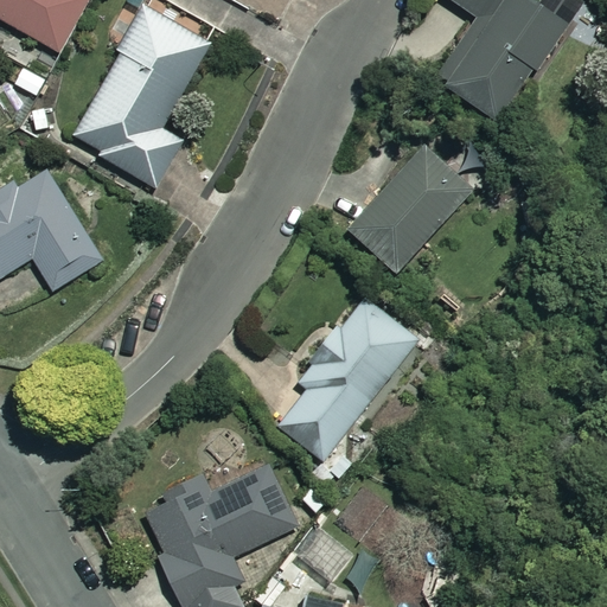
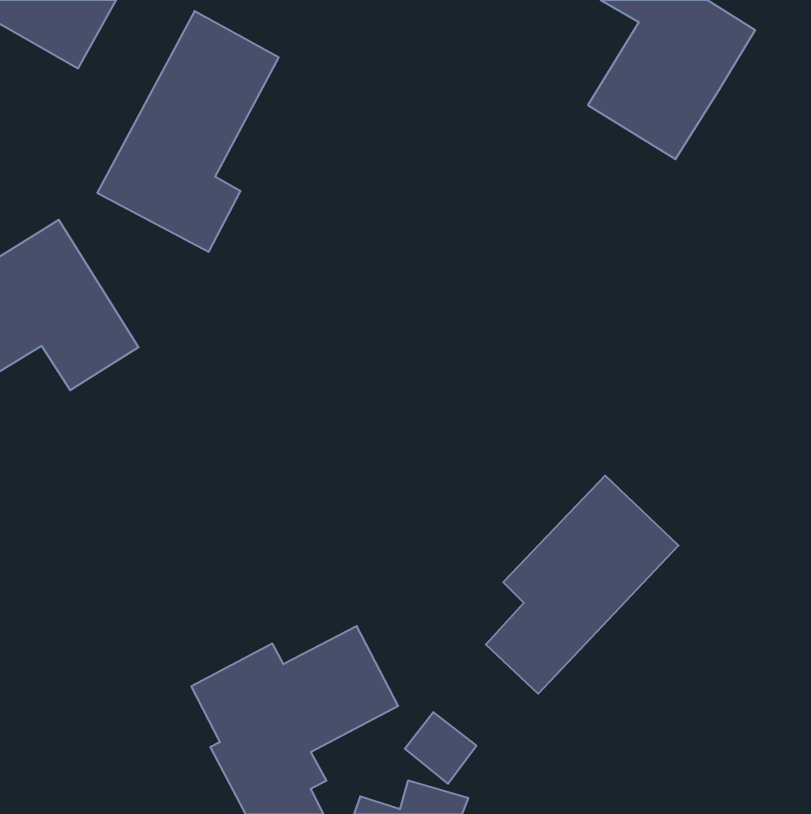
building: [346,145,469,270] -> none
building: [280,298,423,460] -> [486,476,679,694]

